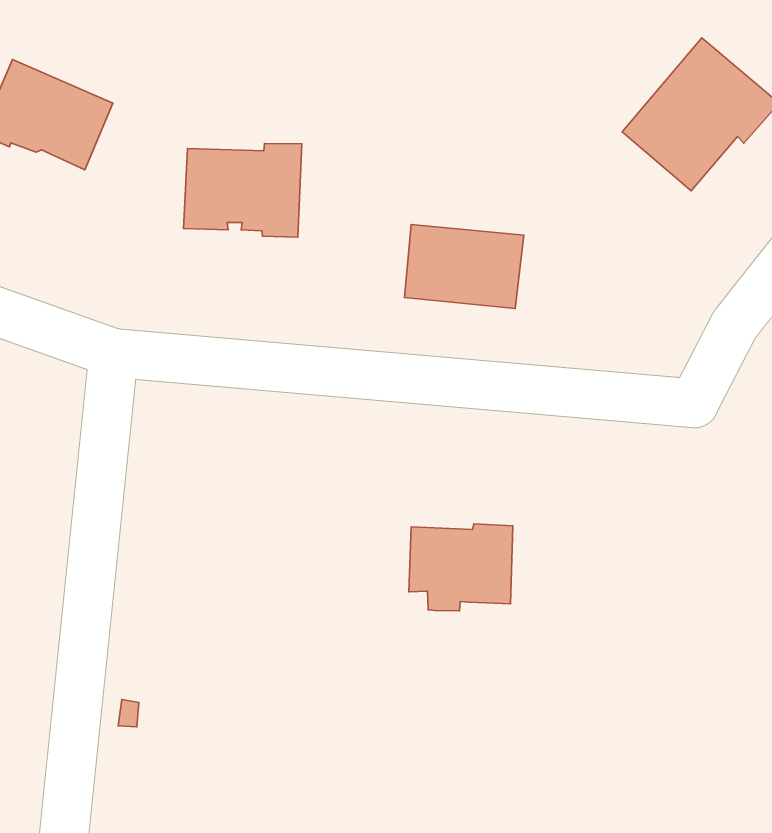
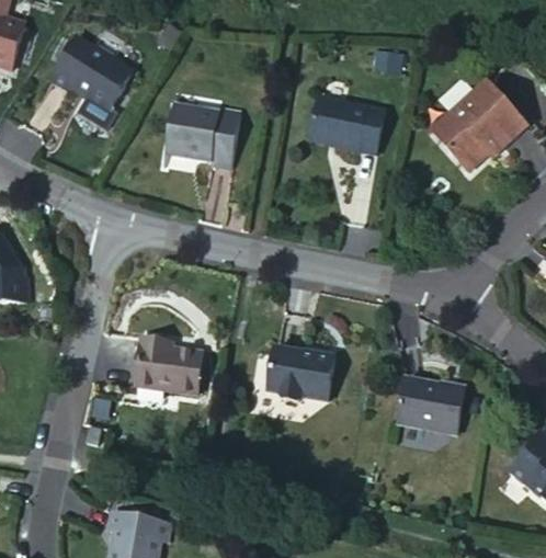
building: [405,225,524,309] -> [309,95,385,153]
building: none -> [135,338,202,392]
building: none -> [396,377,464,431]

